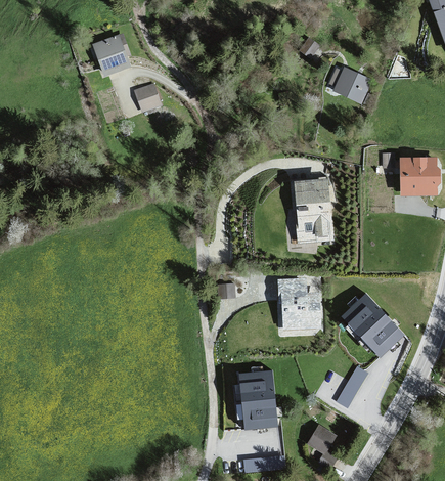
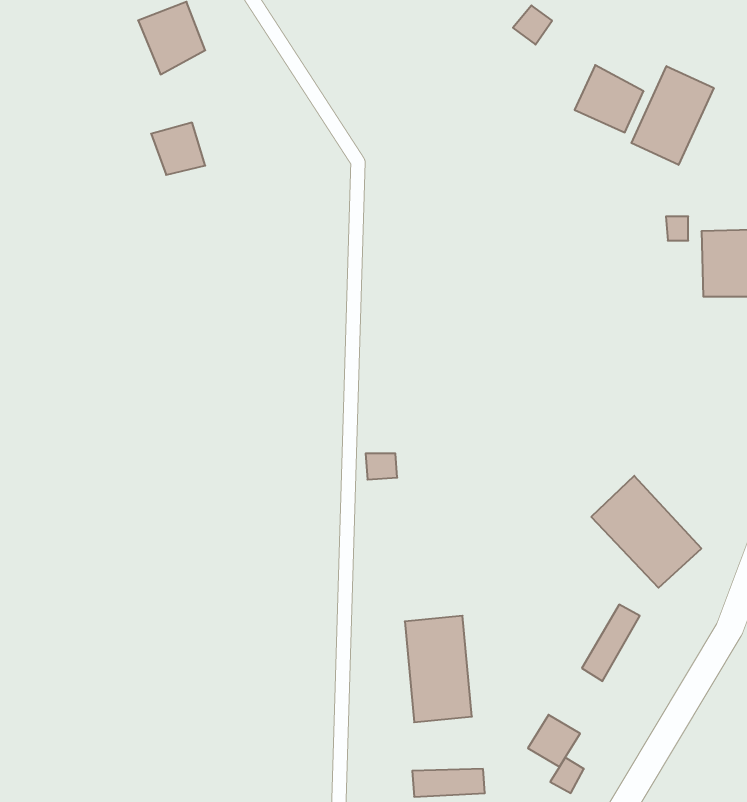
building: none -> [631,66,714,165]
building: [131,85,161,114] -> [151,123,205,175]
building: [294,179,330,240] -> none
building: [277,278,322,331] -> none

